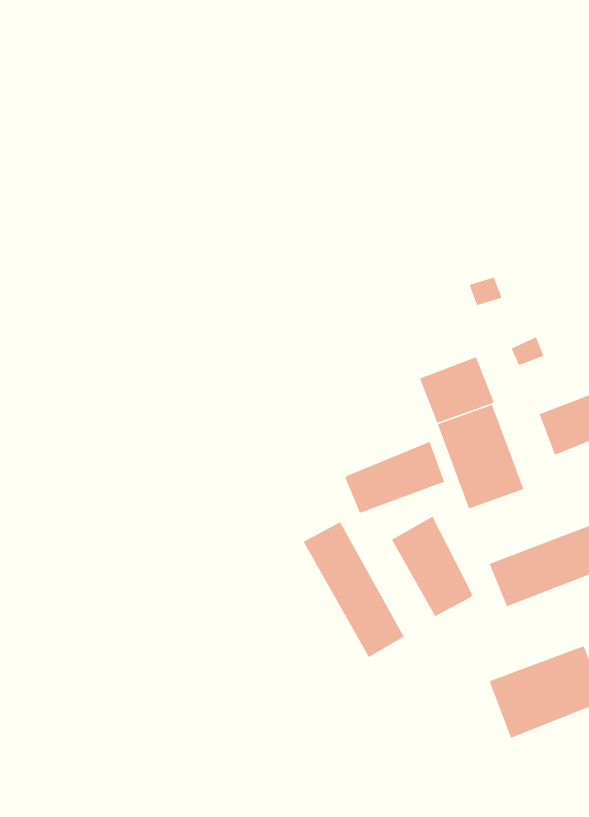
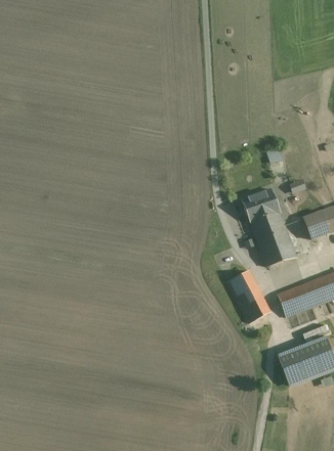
building: [345,441,445,514] -> none
building: [302,521,405,658] -> none

